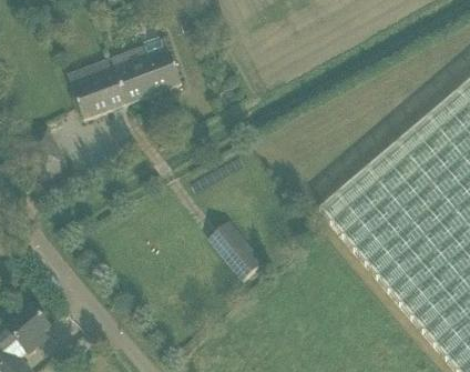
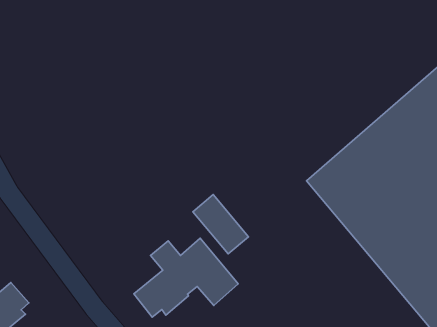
building: [68,37,182,119] -> none
building: none -> [134,238,238,317]

